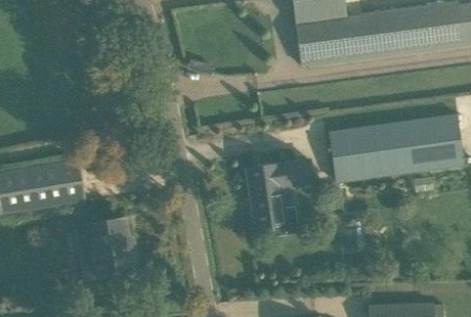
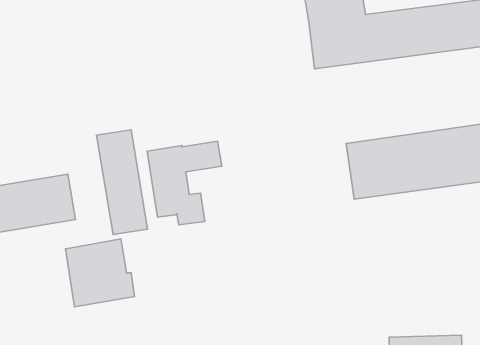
building: none -> [97,130,148,235]
building: [246,158,313,234] -> [147,141,222,225]

